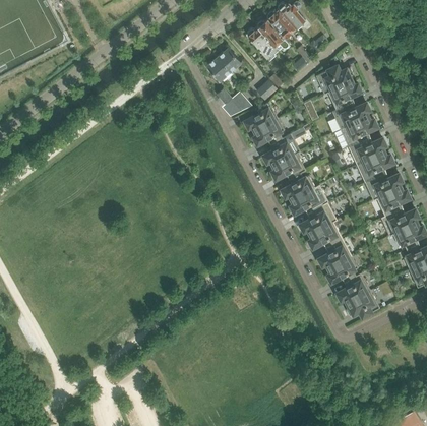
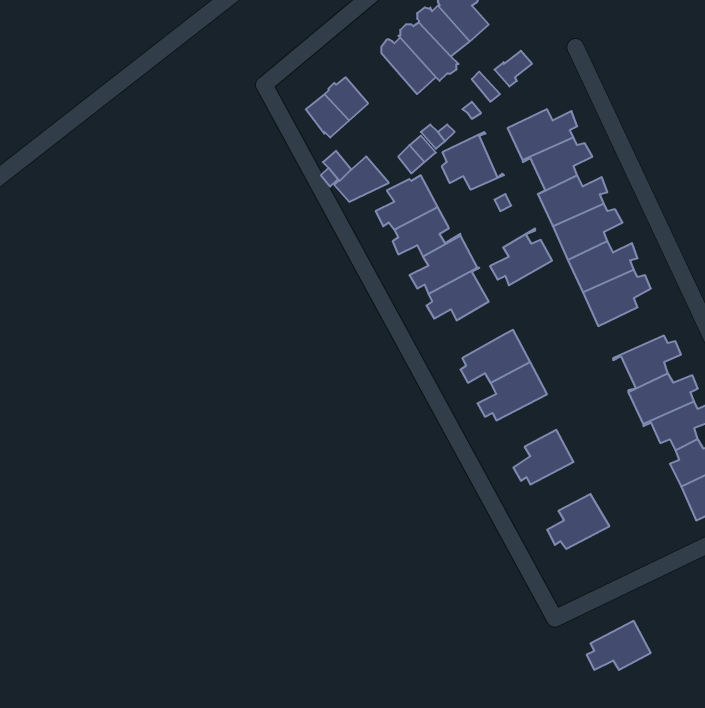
building: none -> [442,132,504,190]
building: [282,170,315,200] -> [490,229,552,285]
building: [365,173,403,200] -> none
building: [309,220,343,248] -> none
building: [327,256,361,283] -> none
building: [346,291,380,317] -> [587,621,651,670]

